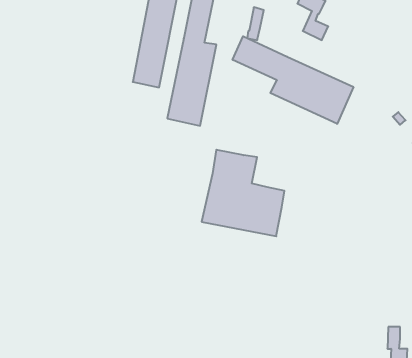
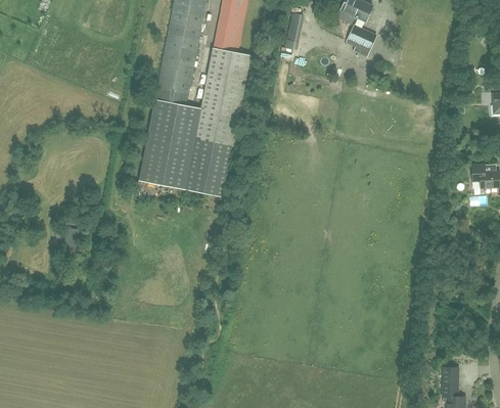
building: [233,36,353,124] -> none
building: [202,150,284,236] -> [139,99,232,196]

